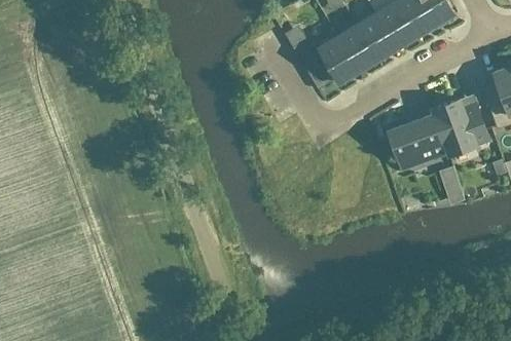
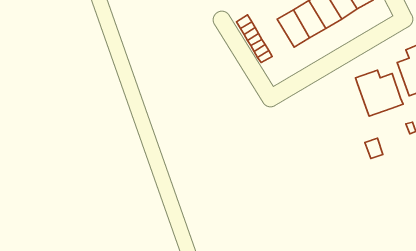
building: [319,38,358,83] -> none
building: [388,115,446,166] -> none

